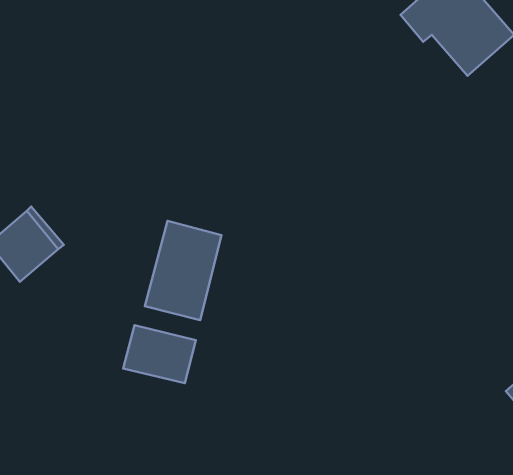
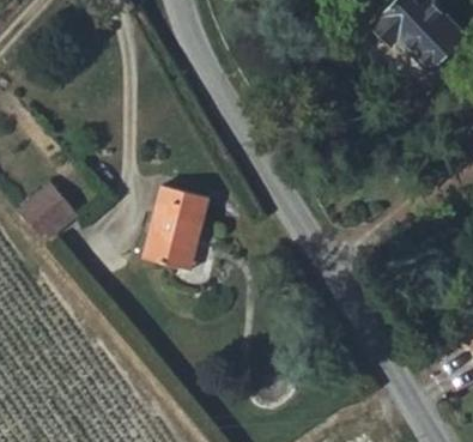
building: [123,325,196,383] -> none

